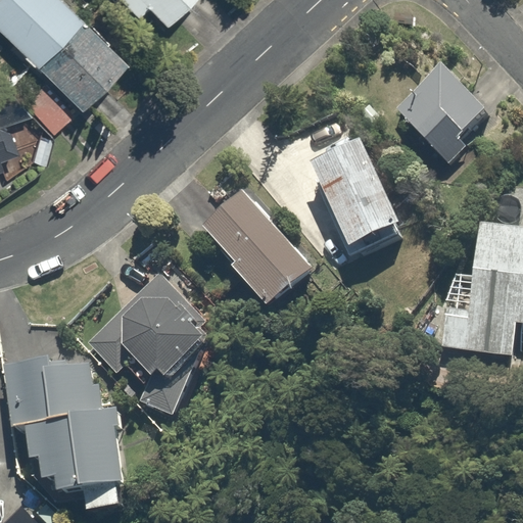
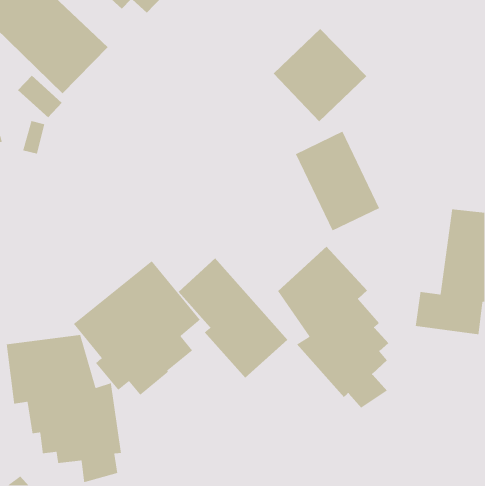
building: [390,58,490,158] -> [273,28,367,122]
building: [203,187,321,316] -> [178,257,288,378]
building: none -> [277,246,389,408]

